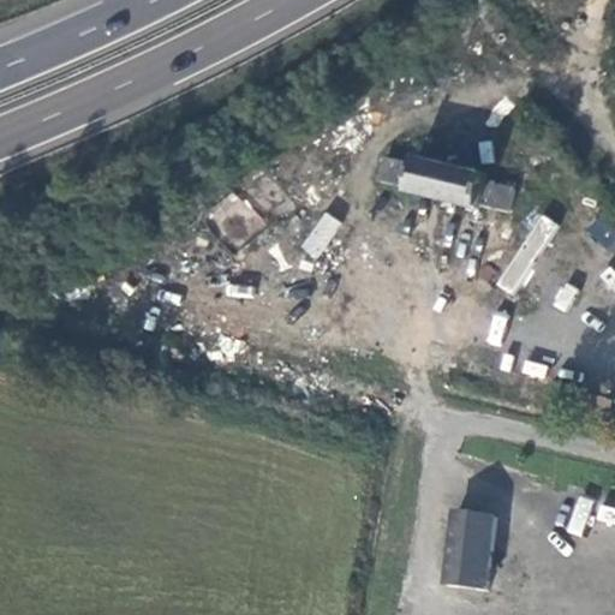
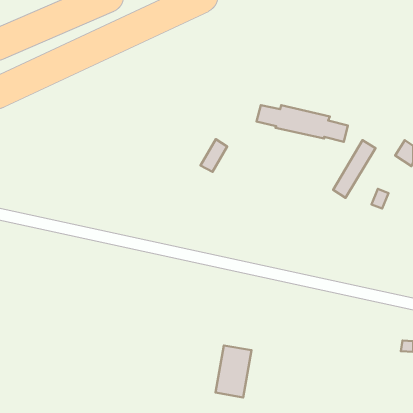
building: [443,517,496,593] -> [216,345,251,398]

